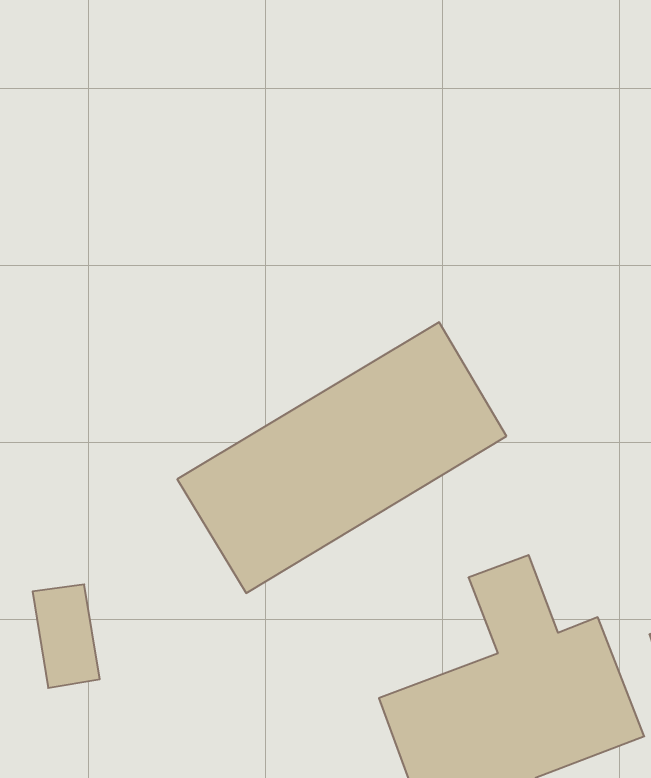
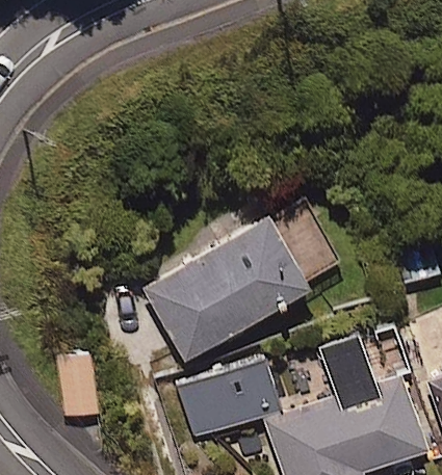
building: none -> [179,362,282,442]

